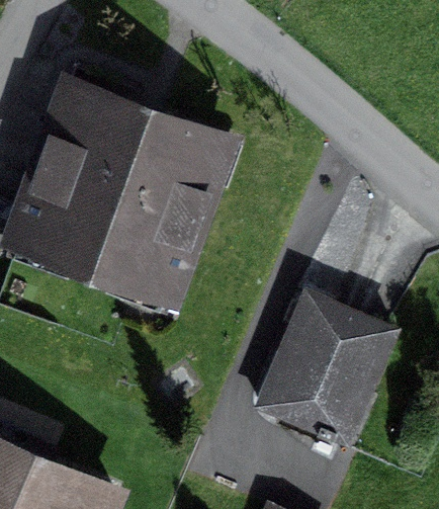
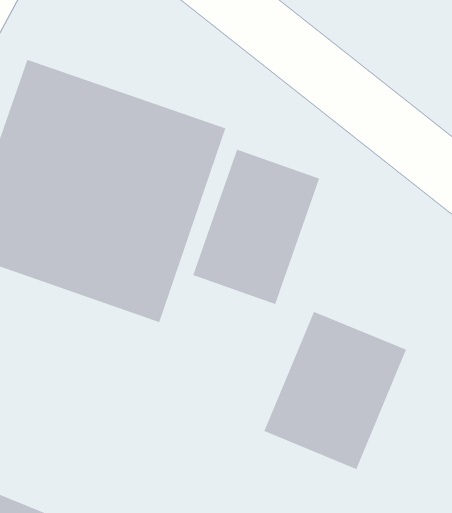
building: none -> [193,149,320,305]

